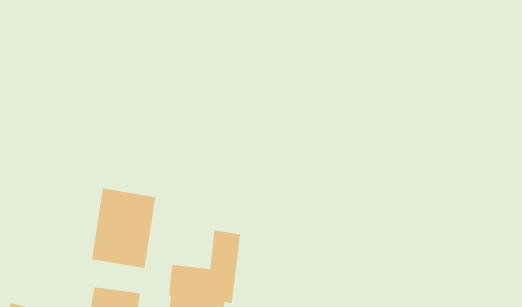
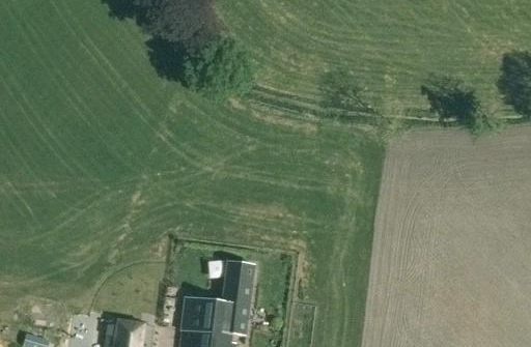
building: [91,188,156,269] -> none

